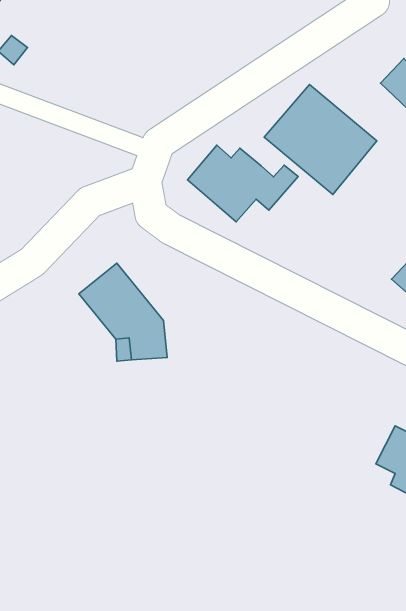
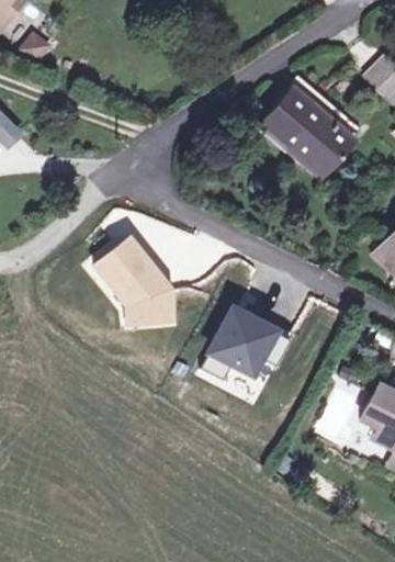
building: [188,145,298,222] -> none
building: none -> [200,311,290,382]

